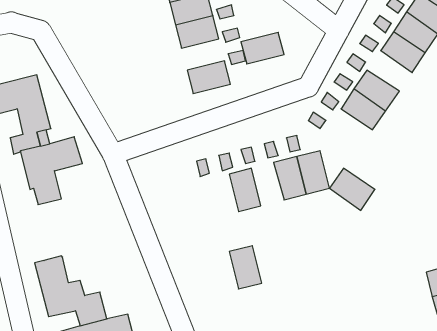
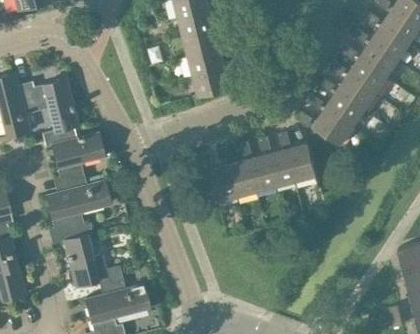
building: [241,32,284,64] -> [188,49,225,76]
building: none -> [347,59,386,94]
building: none -> [248,155,276,192]
building: [329,168,375,210] -> [313,109,352,145]
building: none -> [44,181,108,239]
building: [229,246,262,289] -> [209,165,237,202]

